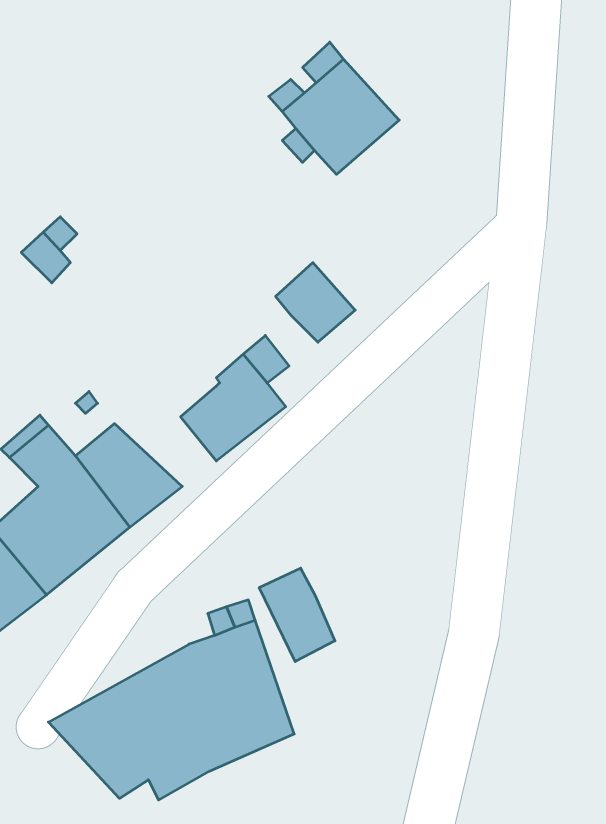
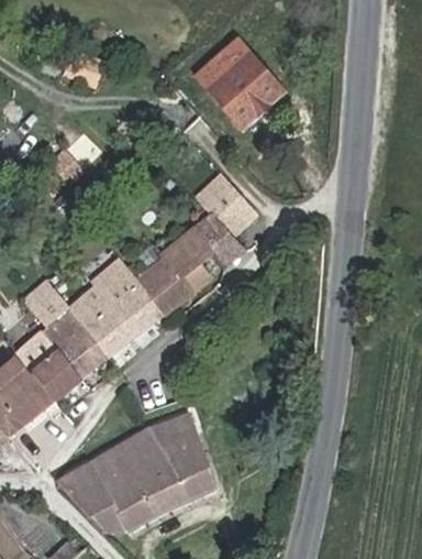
building: none -> [196,217,242,264]
building: none -> [92,259,164,328]
building: [259,568,335,662] -> none

